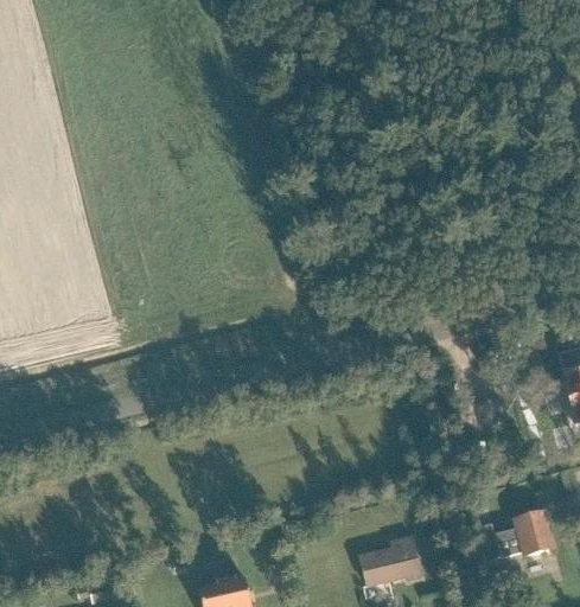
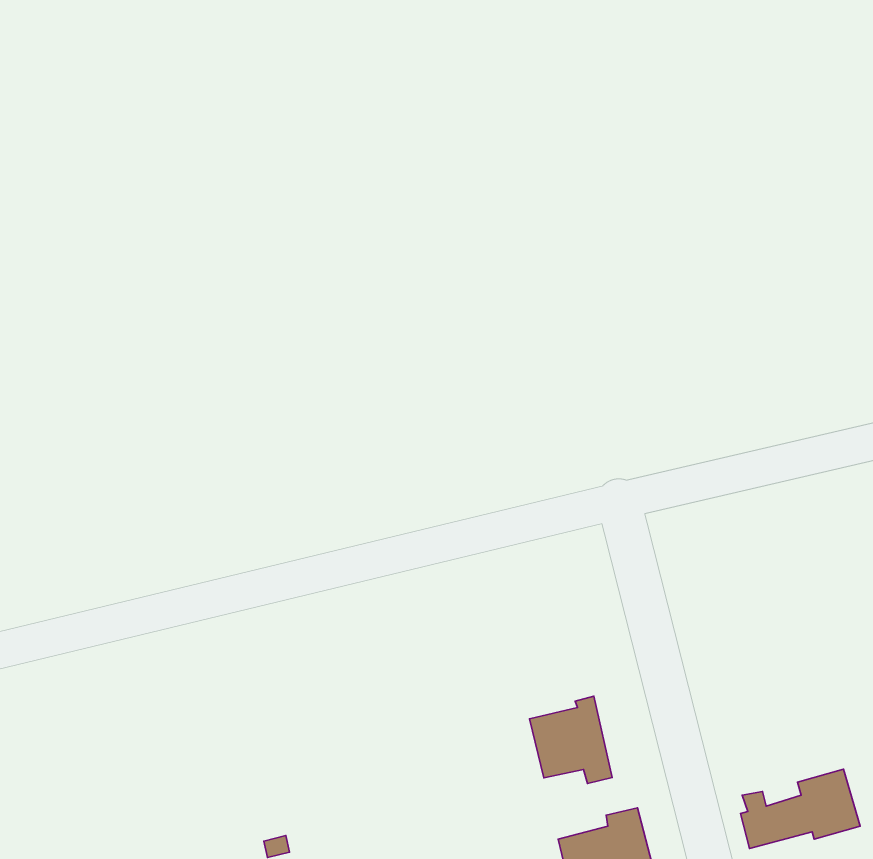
building: none -> [530,696,612,783]

